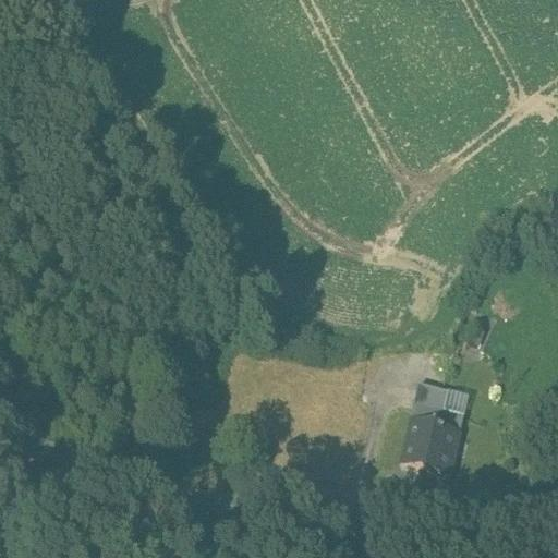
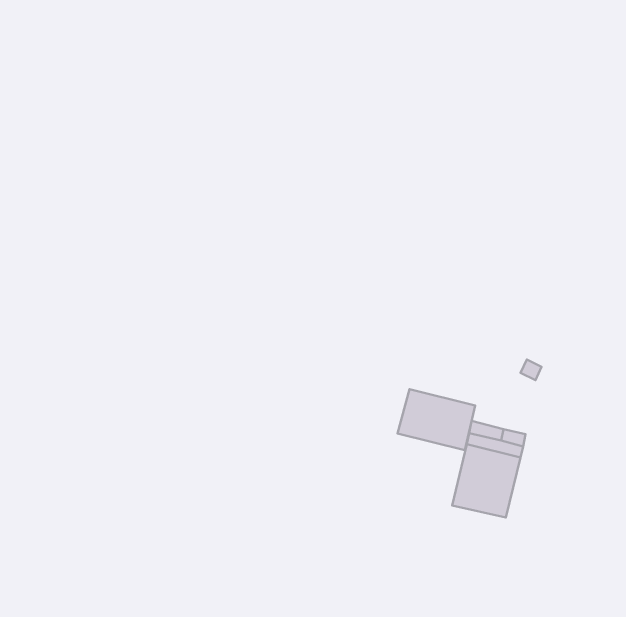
building: none -> [398,389,475,450]

